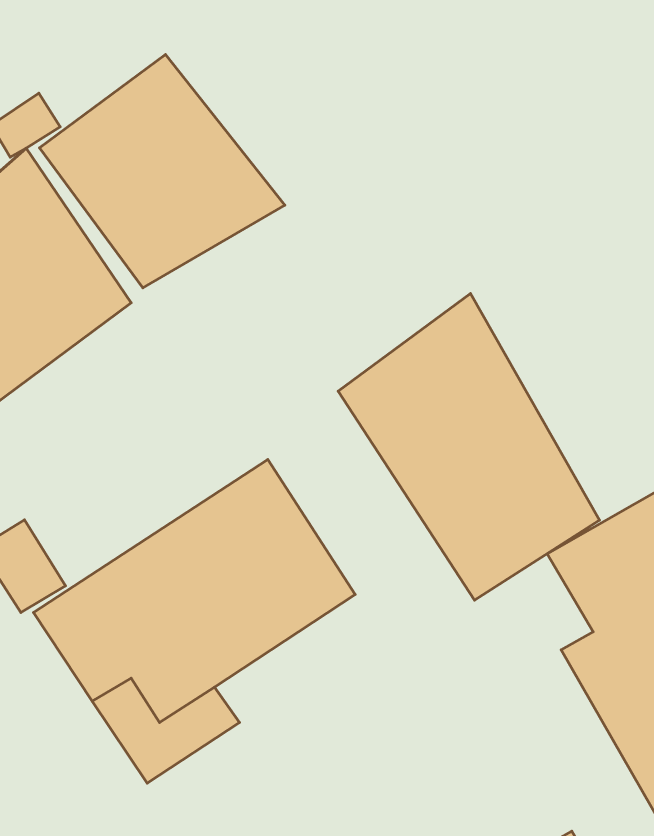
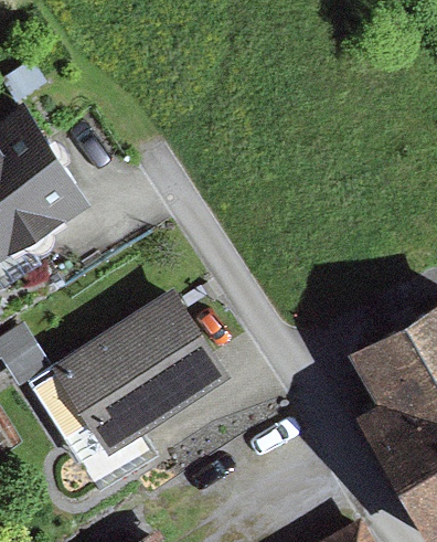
building: [40,54,285,288] -> none
building: [338,294,599,600] -> none

